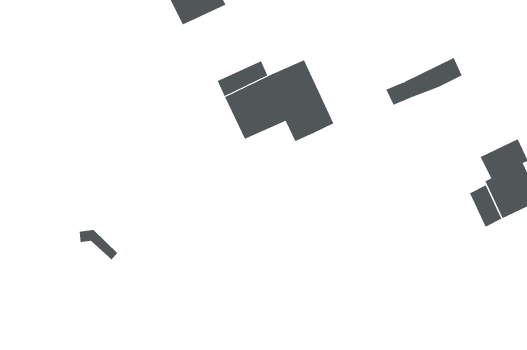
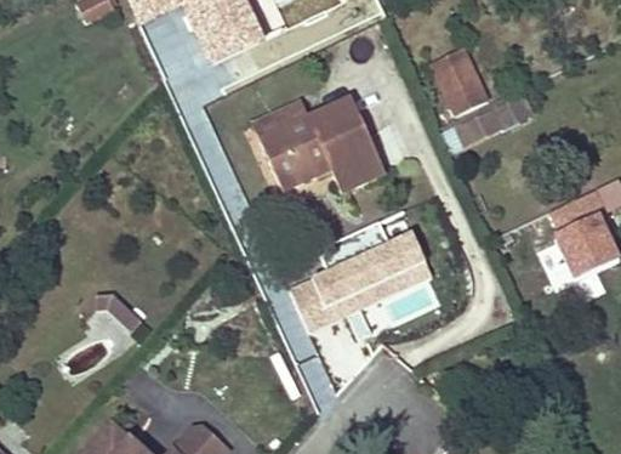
building: none -> [433,49,488,115]
building: none -> [290,232,434,334]

